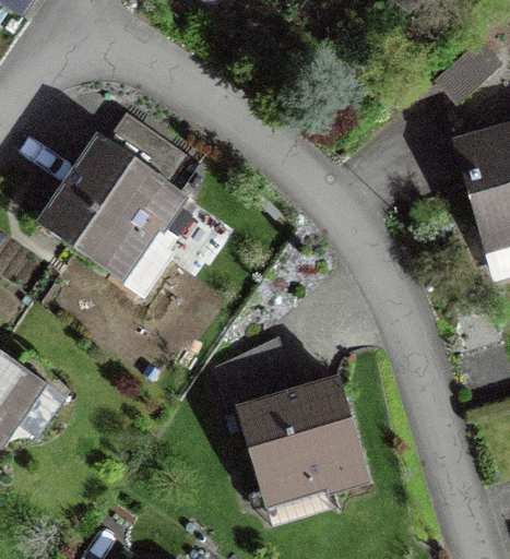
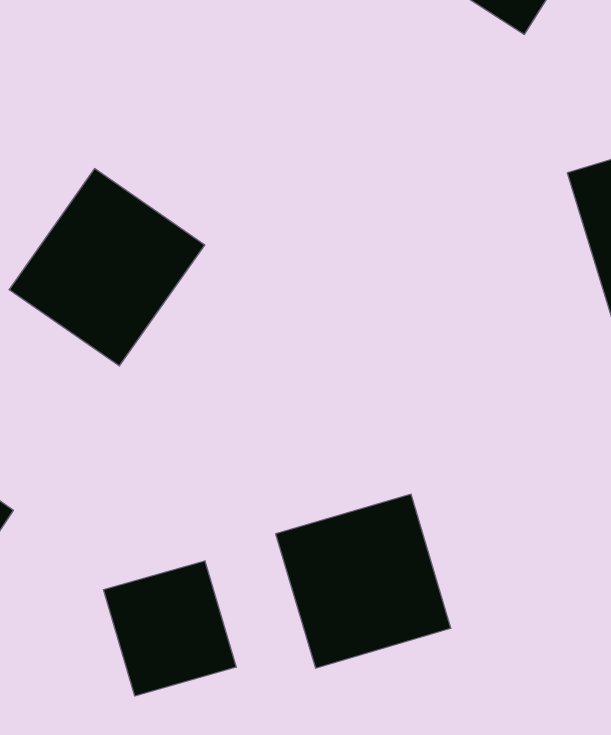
building: none -> [103,561,236,696]

